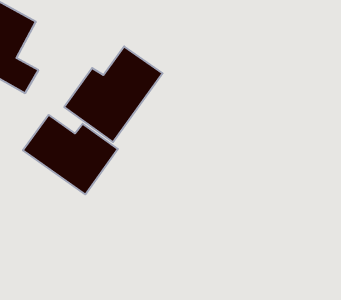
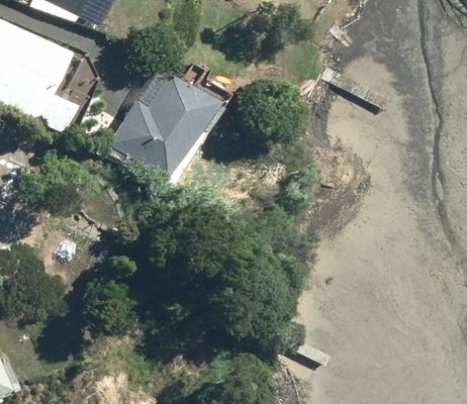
building: [23,115,118,194] -> none

